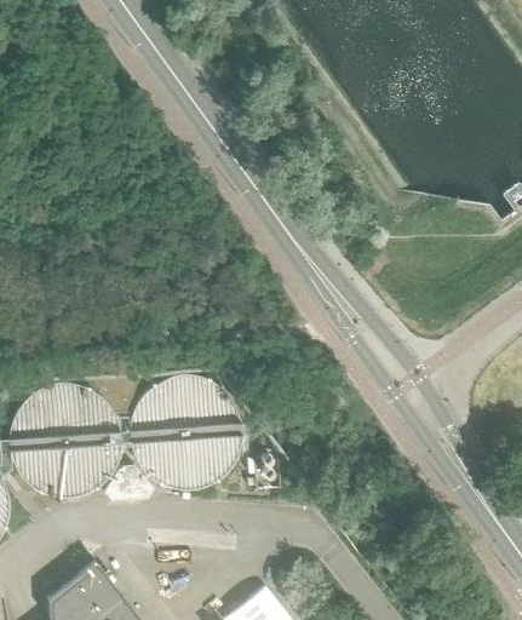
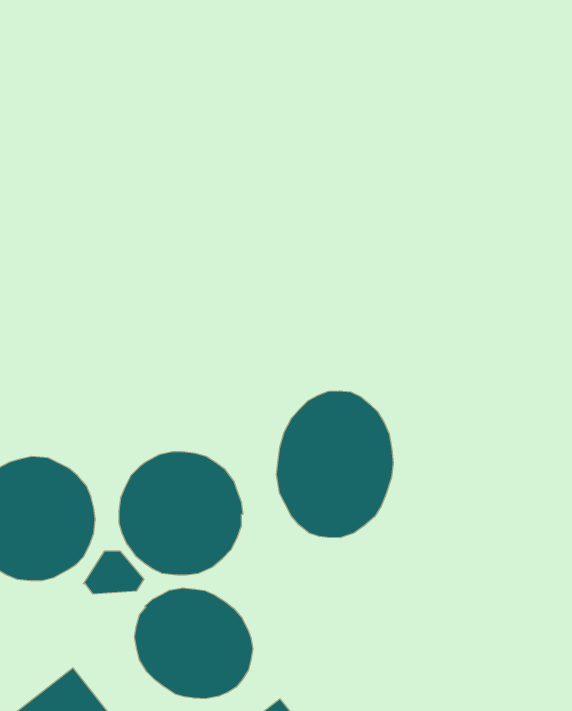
building: none -> [276,391,393,538]
building: none -> [134,588,253,699]

